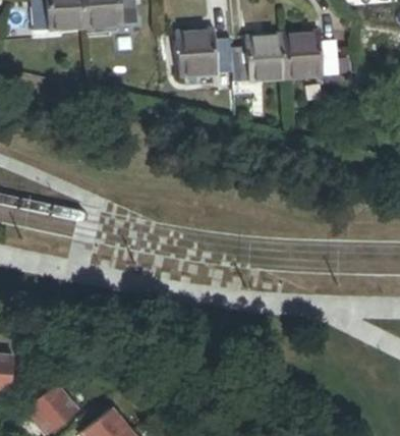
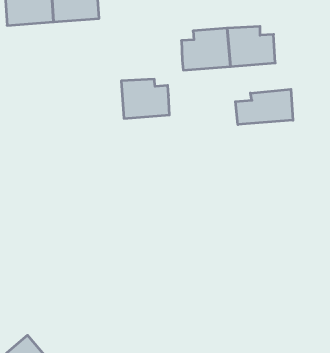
building: [176,30,231,74] -> [121,79,169,118]
building: none -> [235,89,293,125]

